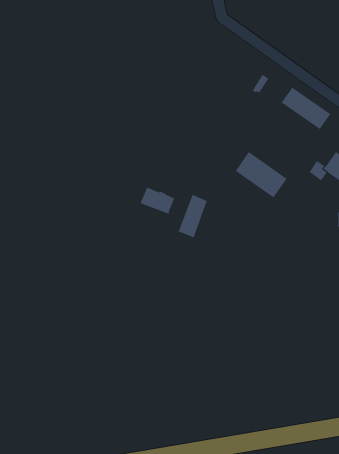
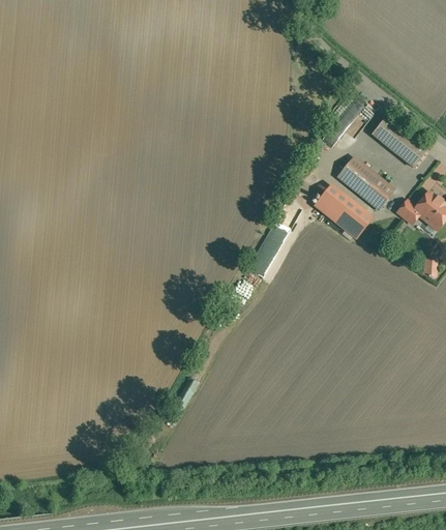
building: none -> [336,156,393,209]
building: [140,187,175,215] -> none

